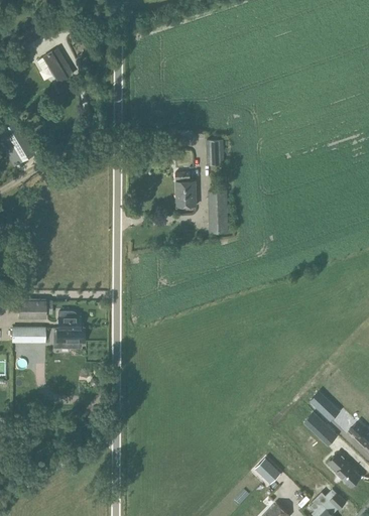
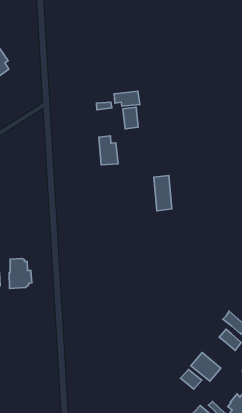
building: none -> [114,91,140,106]
building: [209,191,228,233] -> [154,175,172,211]
building: none -> [191,353,221,381]

